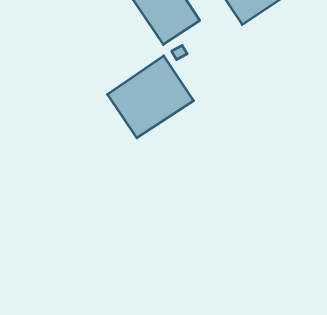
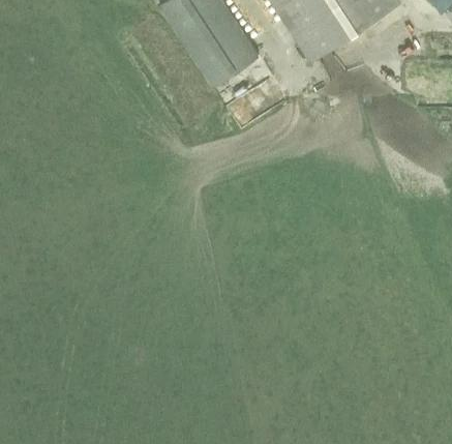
building: [107,56,194,138] -> none

